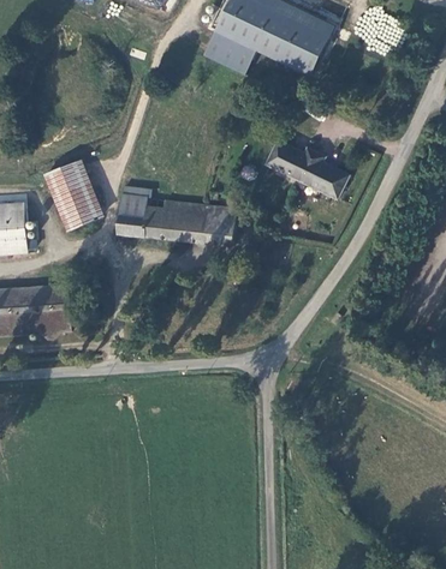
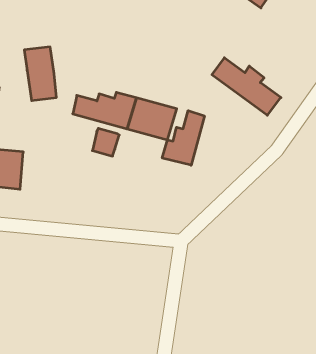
building: [117,184,144,212] -> [92,128,119,156]
building: none -> [162,111,204,165]

